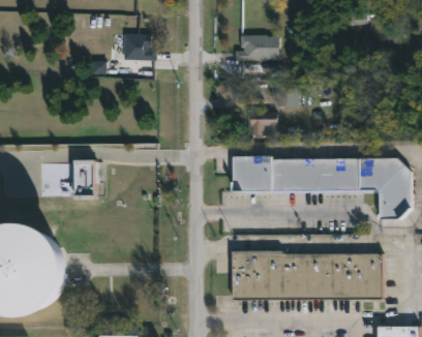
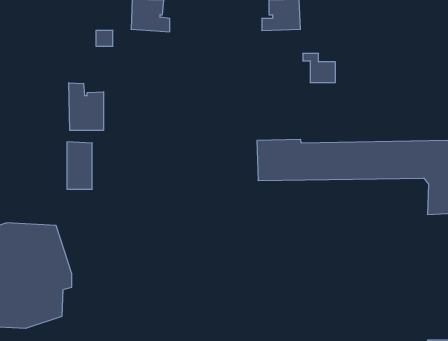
building: none -> [69,83,104,130]
building: [247,112,278,135] -> none
building: [234,252,381,301] -> none

